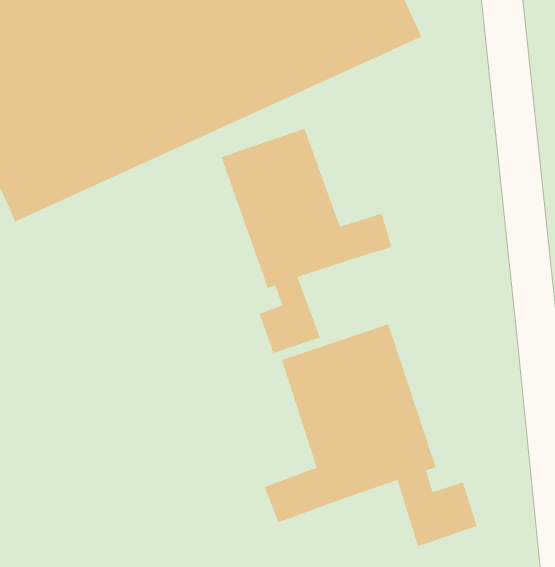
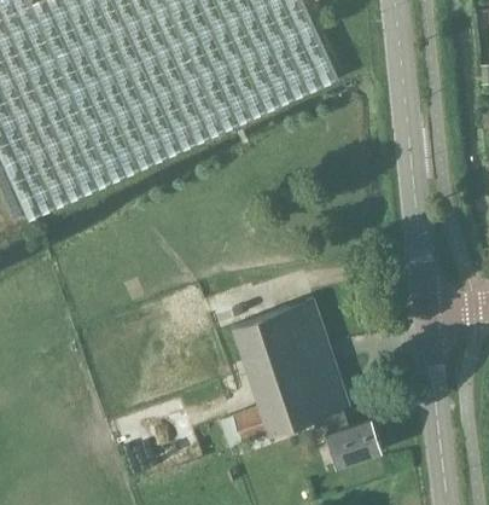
building: [221,128,392,354] -> none

